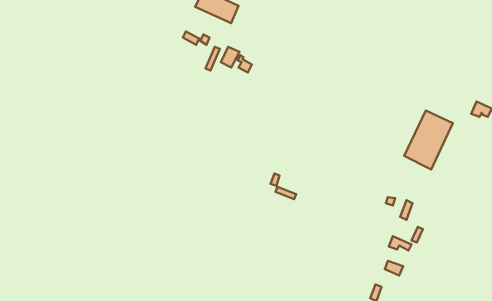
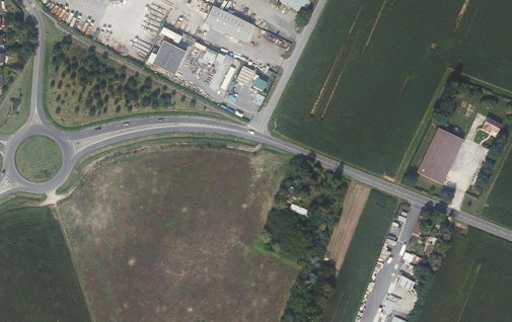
building: none -> [146,39,186,74]

